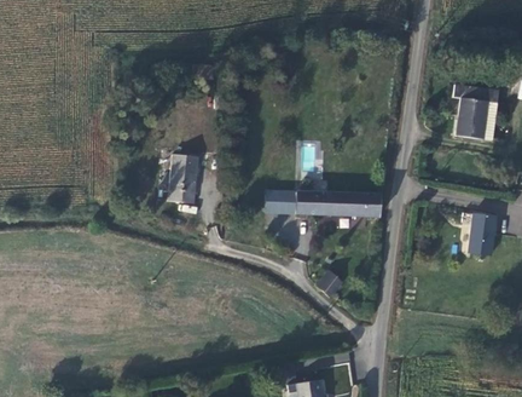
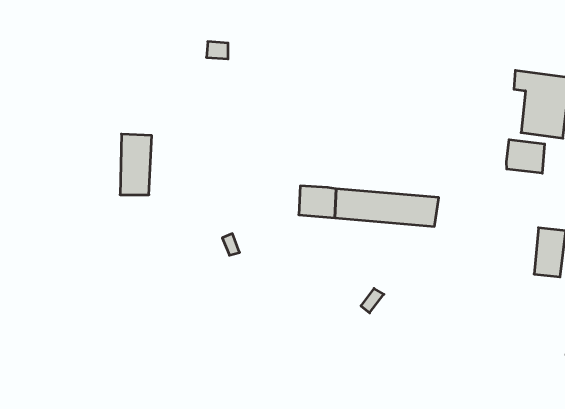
building: none -> [506,140,545,173]
building: [173,155,199,206] -> [120,134,152,195]

